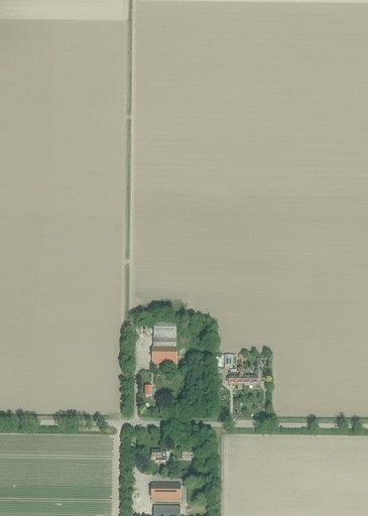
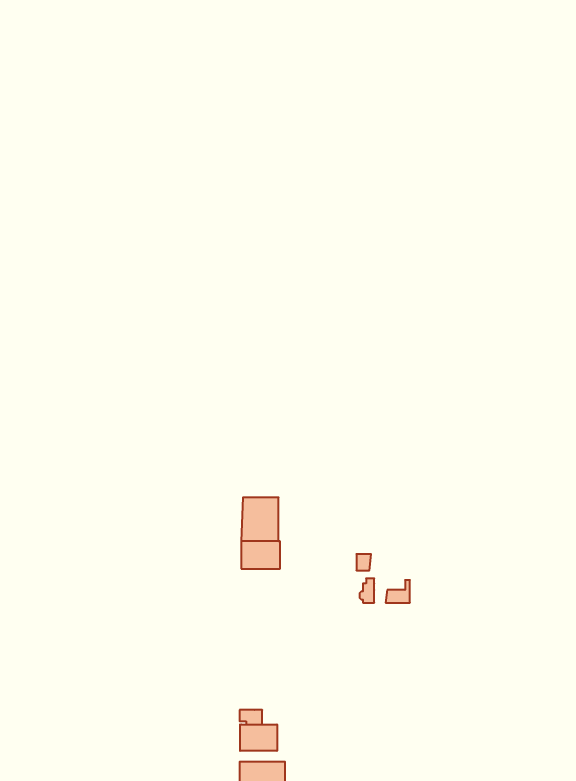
building: none -> [240,724,277,751]

